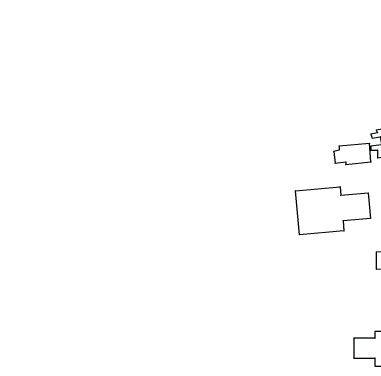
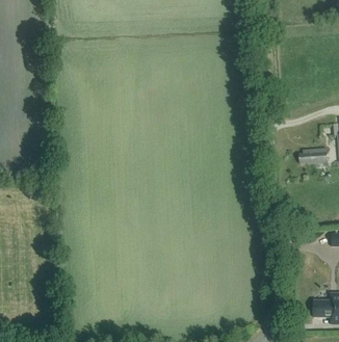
building: [296,187,370,235] -> none

